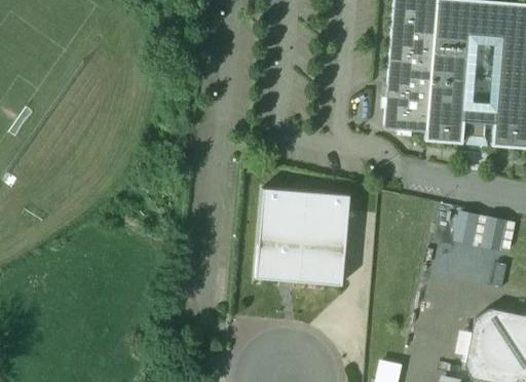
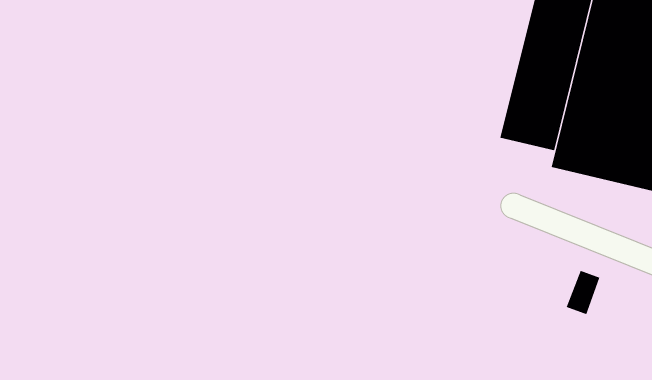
building: [255,187,349,284] -> none
building: [481,219,505,252] -> none

